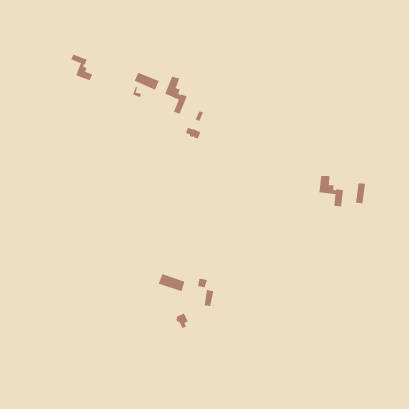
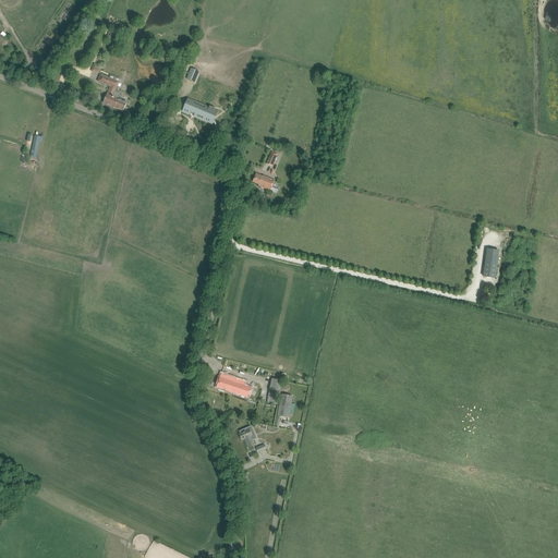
building: [164,76,187,115] -> none
building: [319,175,344,207] -> none

